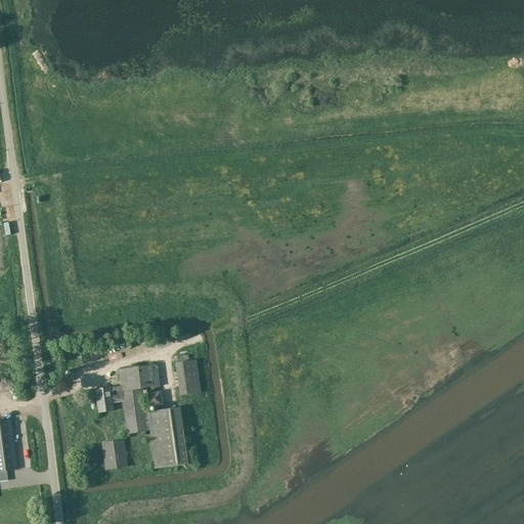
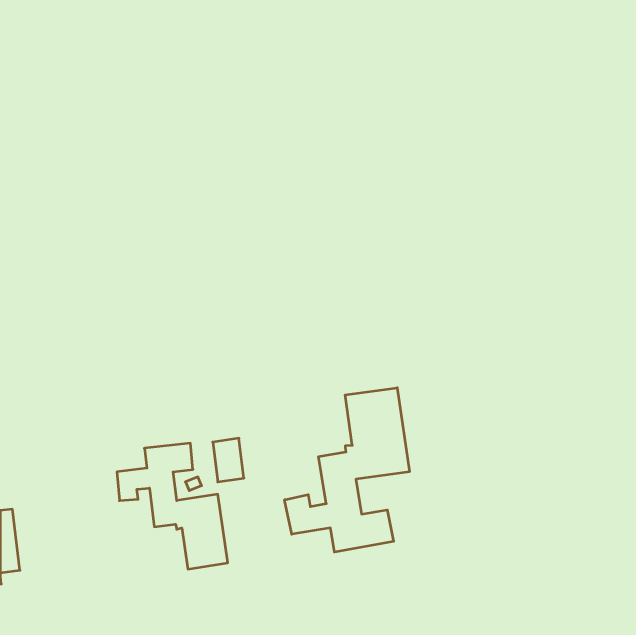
building: none -> [285,388,409,552]
building: [103,440,127,468] -> none

